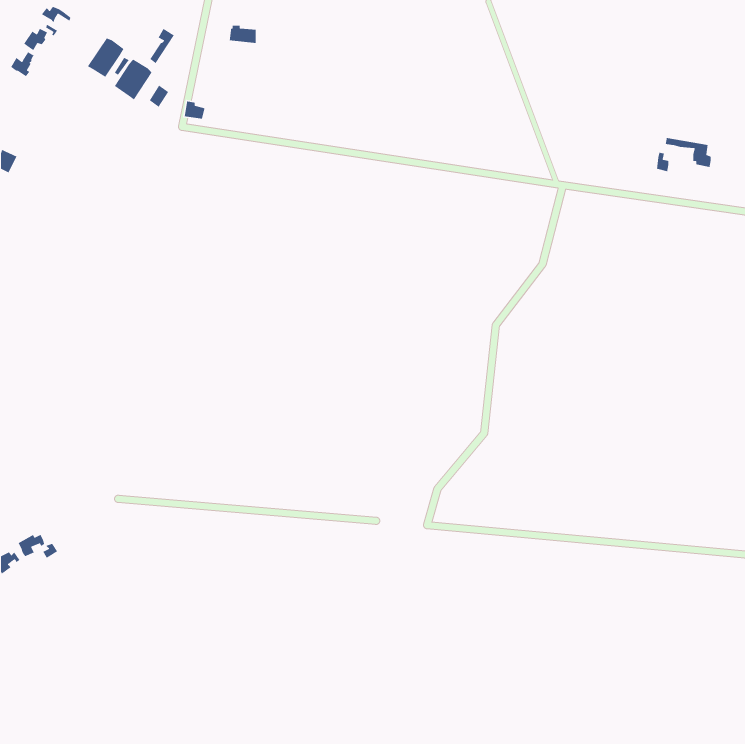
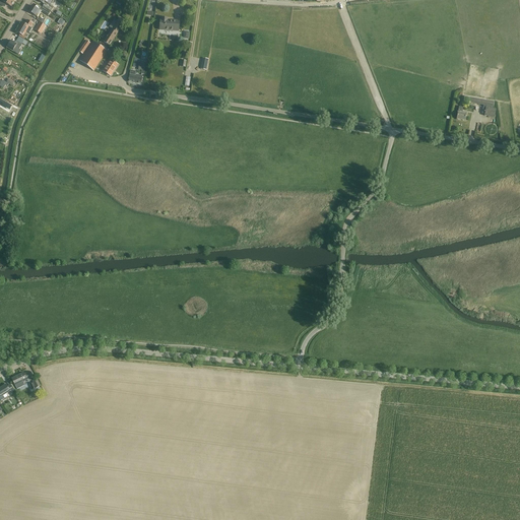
building: [87,37,124,78] -> none

